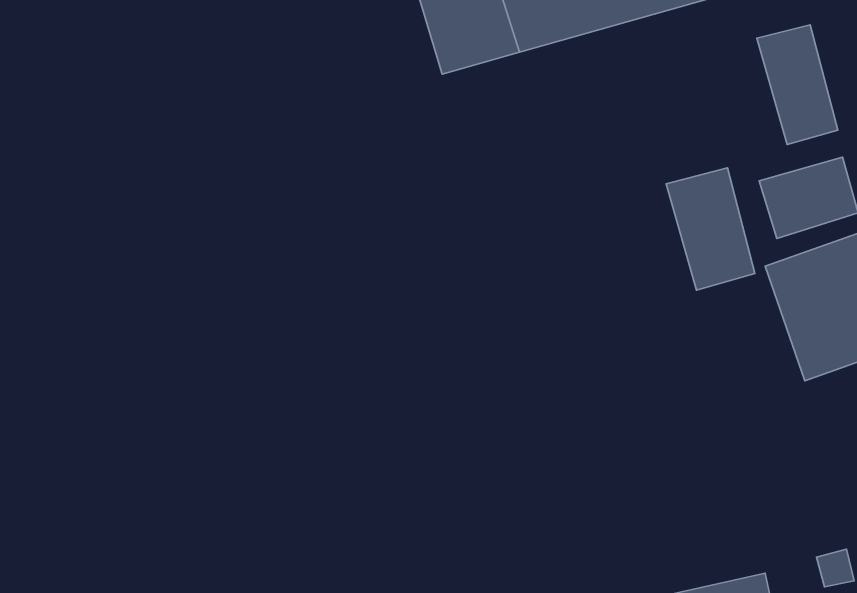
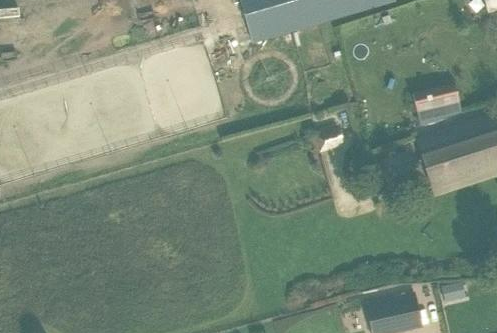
building: [757,25,838,145] -> none
building: [666,168,755,290] -> none

